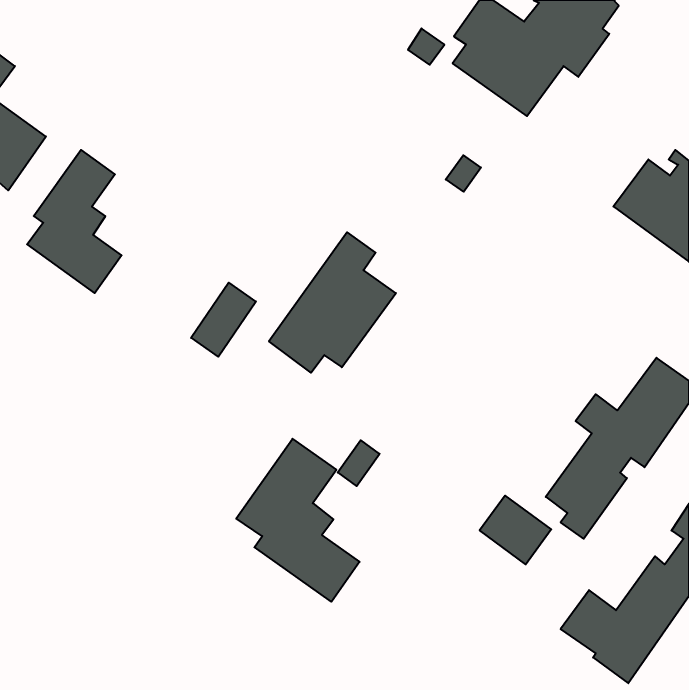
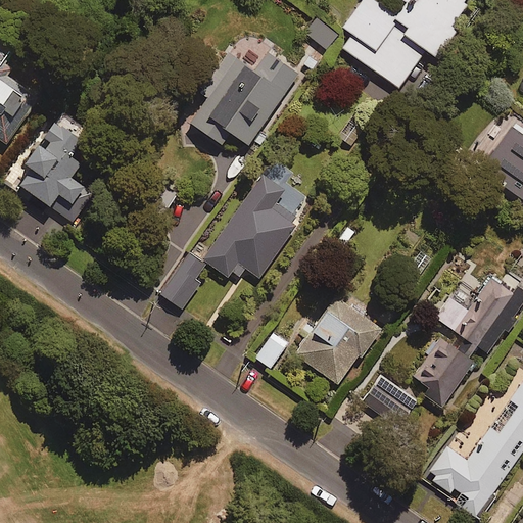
building: none -> [187,51,298,145]
building: [191,283,256,357] -> [161,253,210,310]
building: none -> [295,298,380,384]
building: [236,439,360,602] -> none

